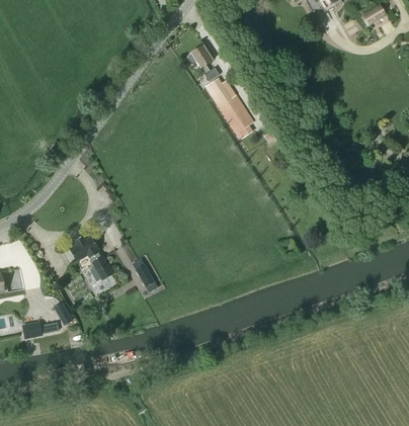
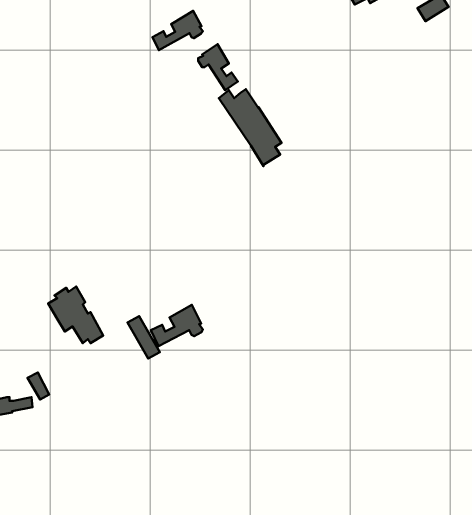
building: none -> [152,11,203,50]
building: none -> [151,305,203,346]

